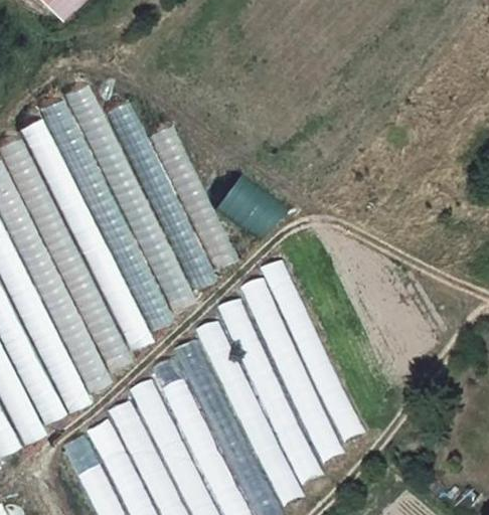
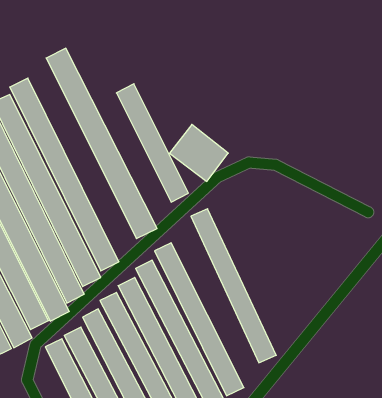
building: [40,100,173,333] -> none
building: [108,102,218,291] -> none
building: [260,259,364,447] -> none
building: [219,297,323,485] -> none

